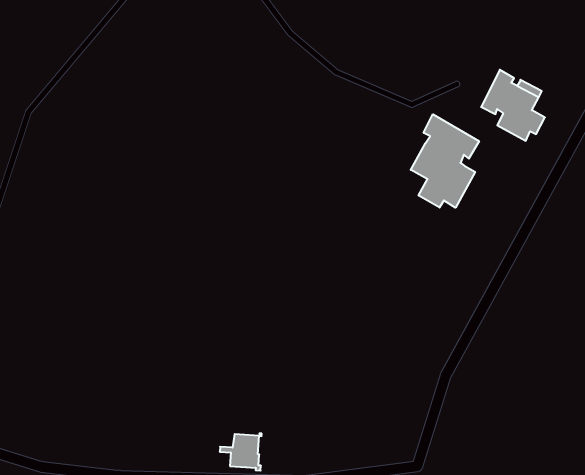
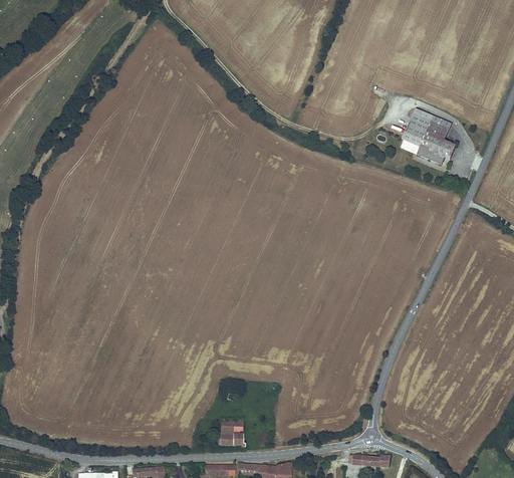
building: [411,114,479,208] -> none

